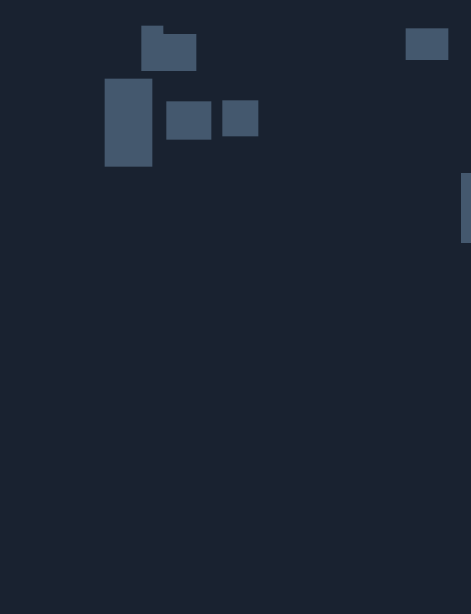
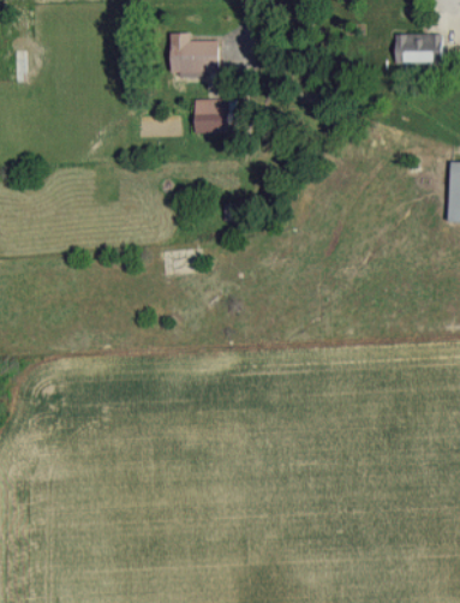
building: [104,78,153,167] -> none
building: [221,100,259,137] -> none

